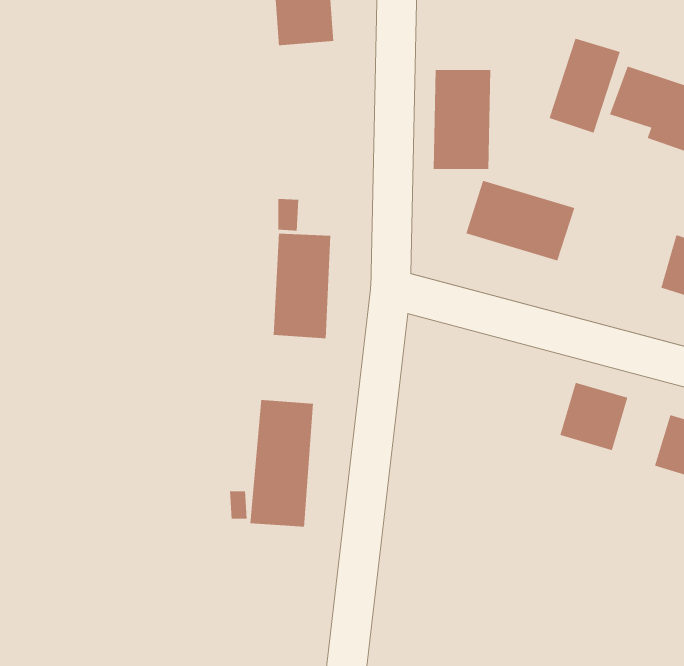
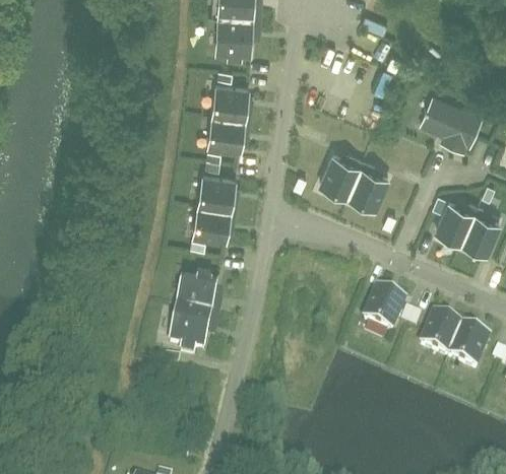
building: [549,38,621,133] -> none
building: [433,70,491,170] -> [208,83,251,148]

